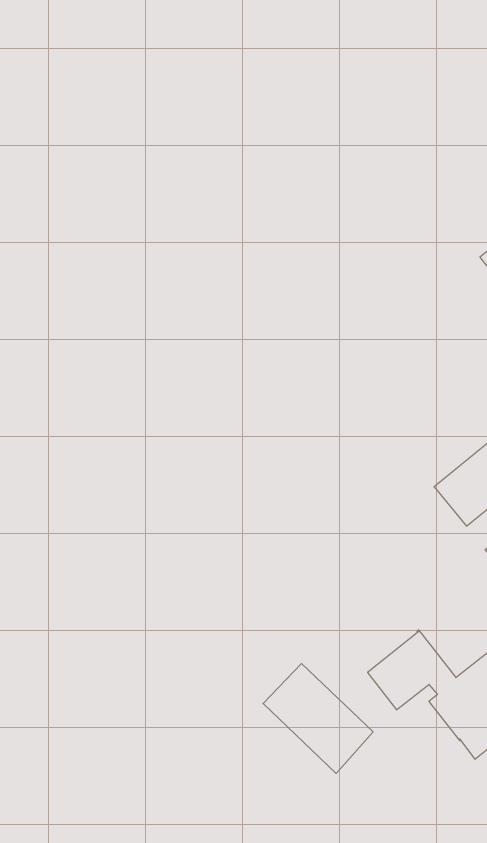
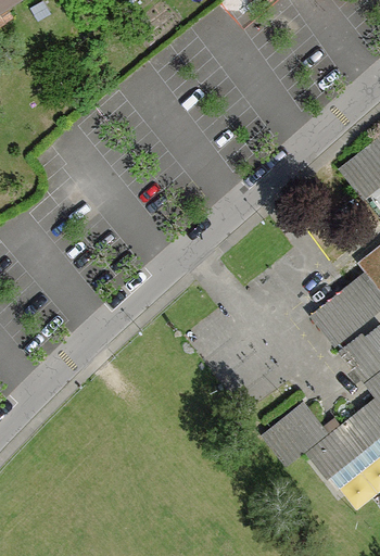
building: [263,664,373,773] -> none

